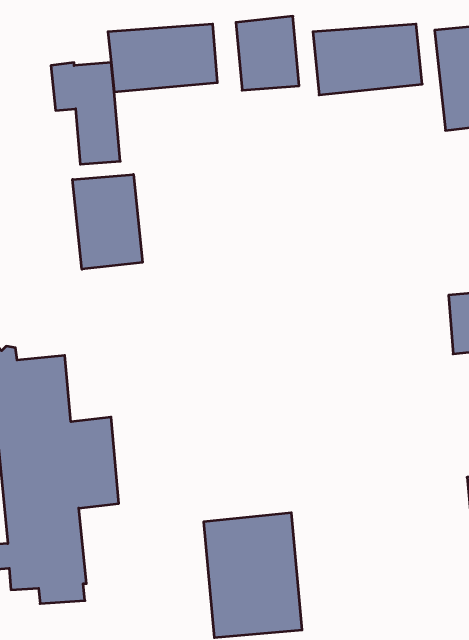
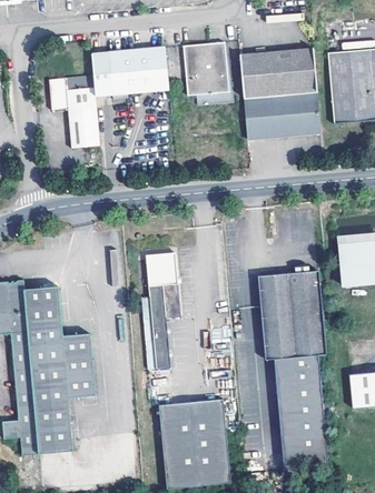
building: none -> [243,90,322,141]
building: [73,174,142,269] -> none
building: none -> [141,252,181,389]
building: none -> [258,271,327,469]

